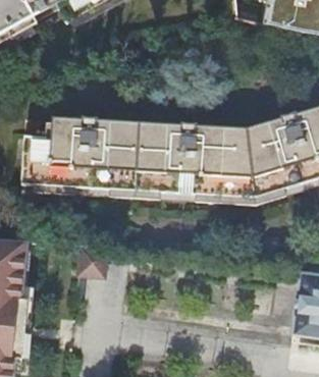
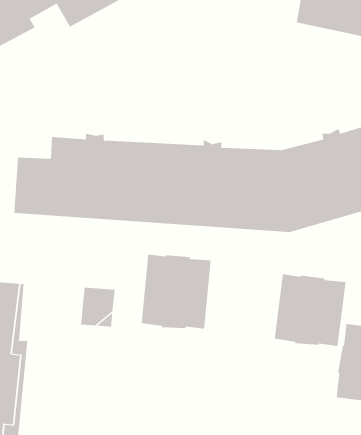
building: none -> [141,254,211,330]
building: none -> [274,274,346,347]

